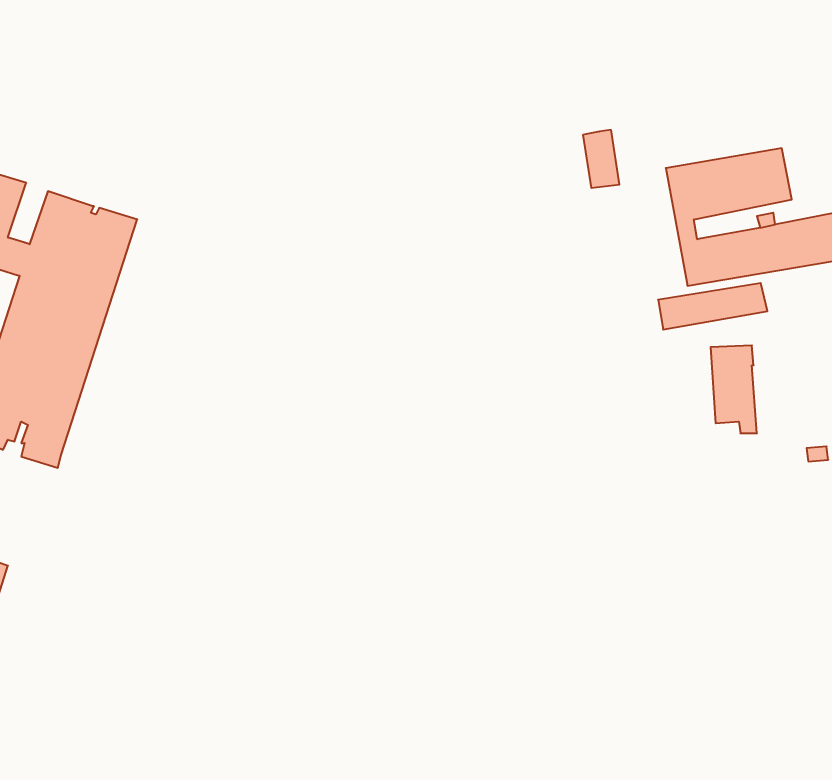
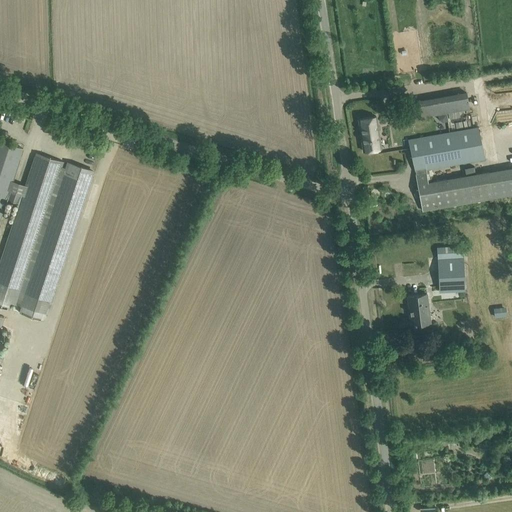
building: [658,283,767,330] -> [404,93,470,121]
building: none -> [408,295,431,326]

